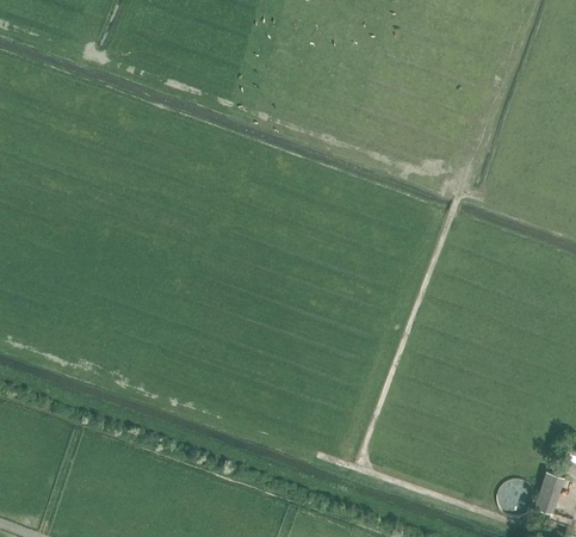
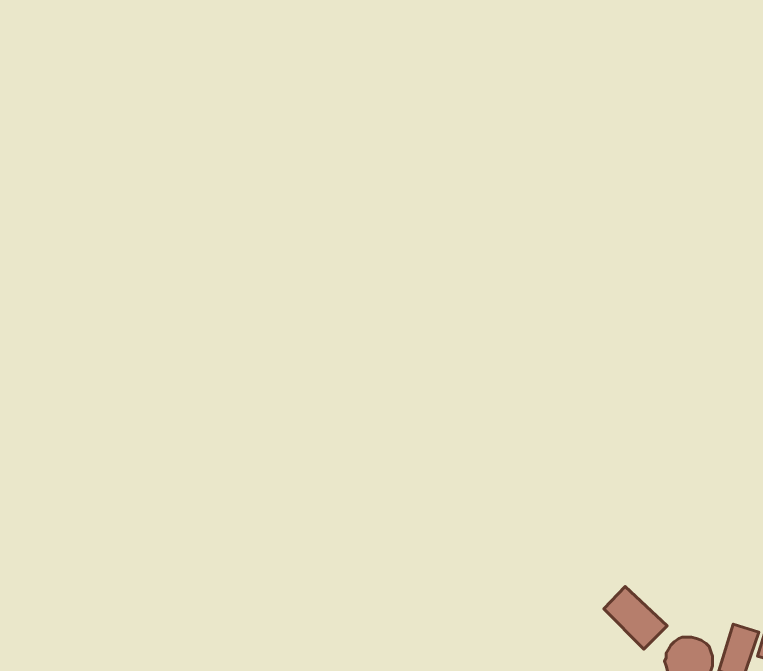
building: none -> [604,587,667,649]

